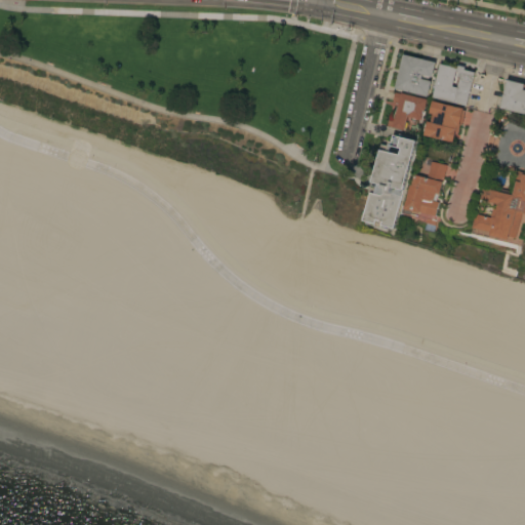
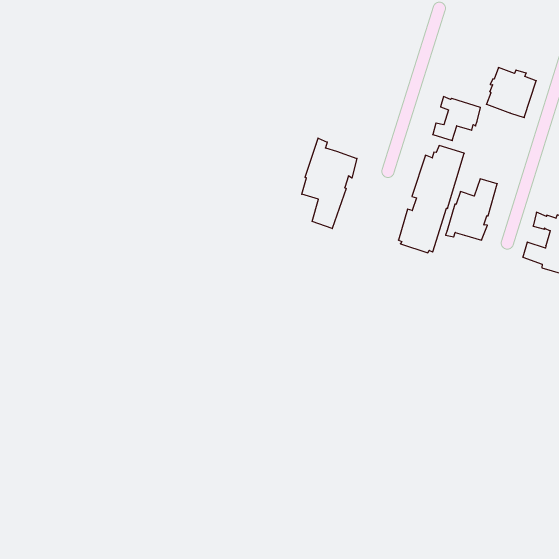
building: [394,54,435,96] -> none
building: [423,100,465,143] -> none
building: none -> [302,138,357,229]

